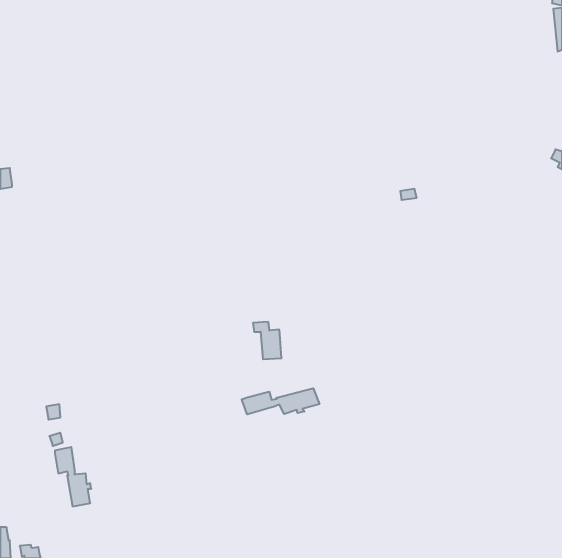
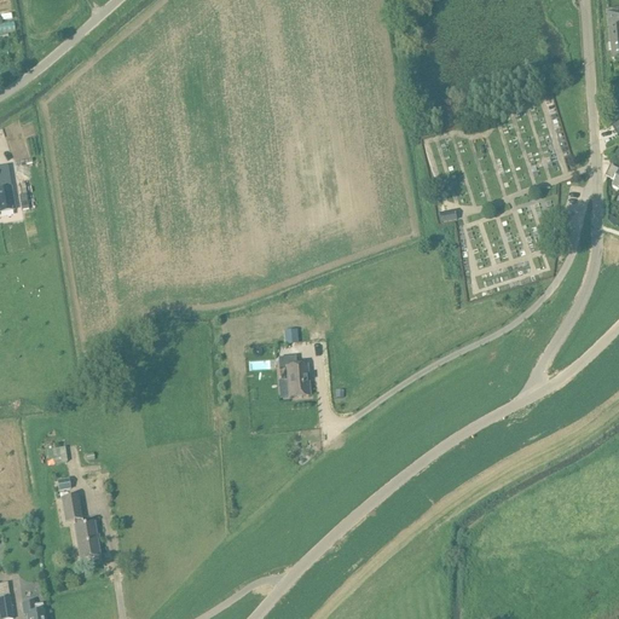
building: [242,388,319,414] -> none

